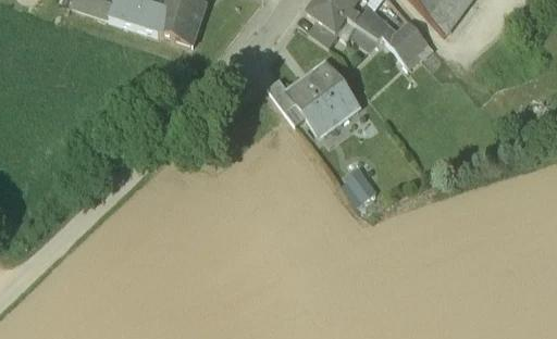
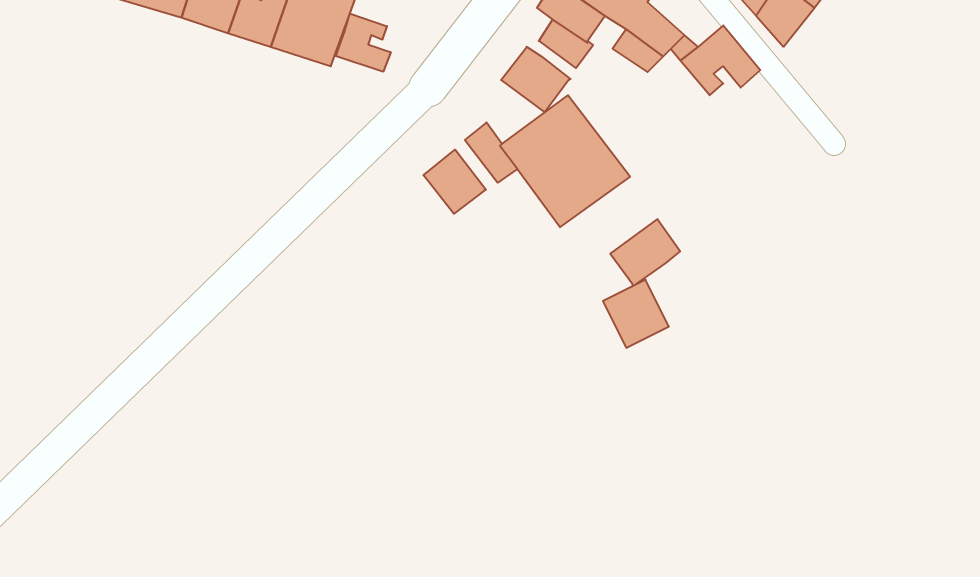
building: none -> [336,14,391,72]
building: none -> [501,47,571,112]
building: none -> [423,150,486,214]
building: none -> [610,219,680,286]

